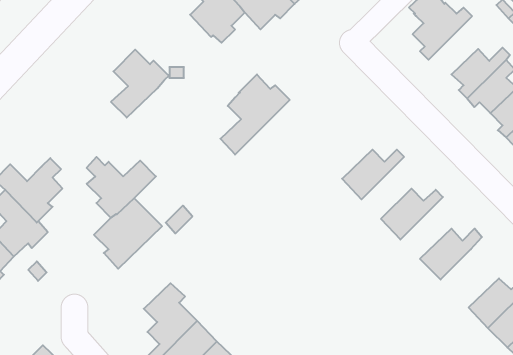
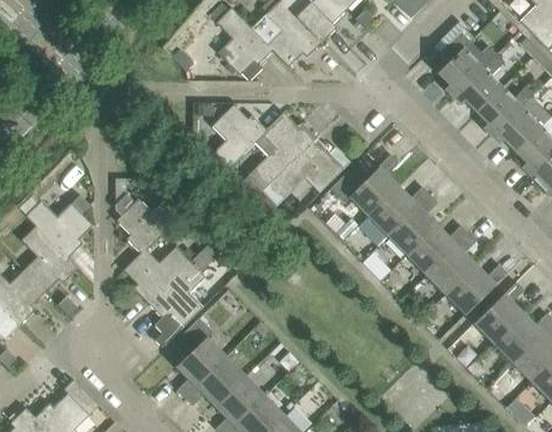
building: none -> [454,54,505,112]
building: [111,50,169,118] -> [210,104,268,172]
building: none -> [253,137,350,215]
building: none -> [330,155,398,215]
building: none -> [388,193,438,254]
building: none -> [426,233,476,294]
building: none -> [148,262,205,347]
building: none -> [474,282,524,342]

